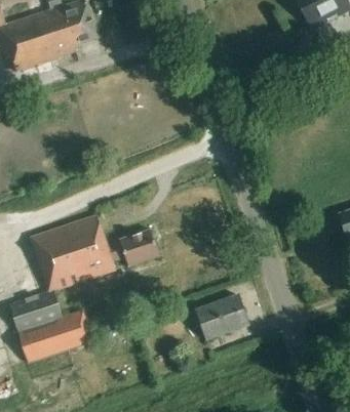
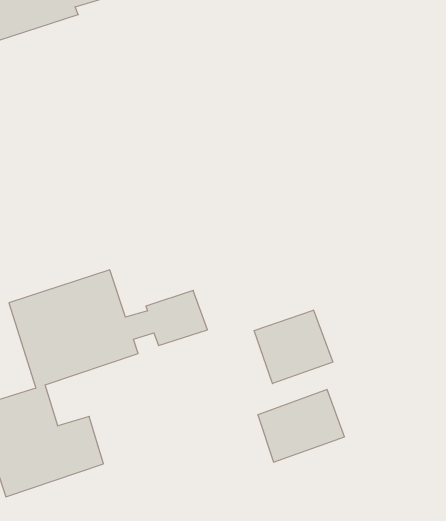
building: none -> [254,310,333,384]

